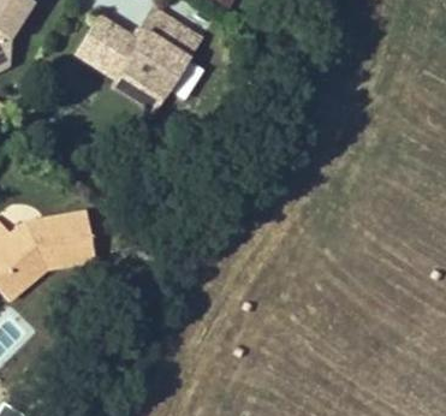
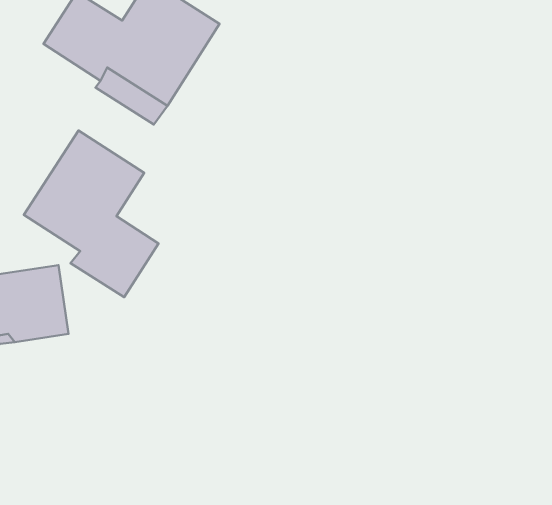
building: none -> [24,131,158,297]

